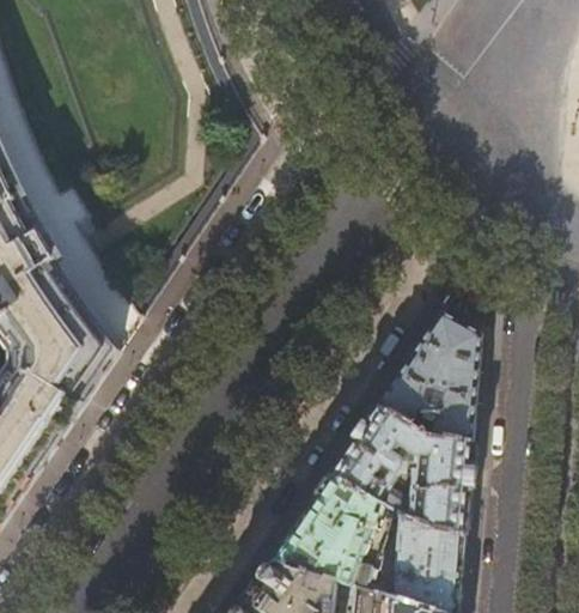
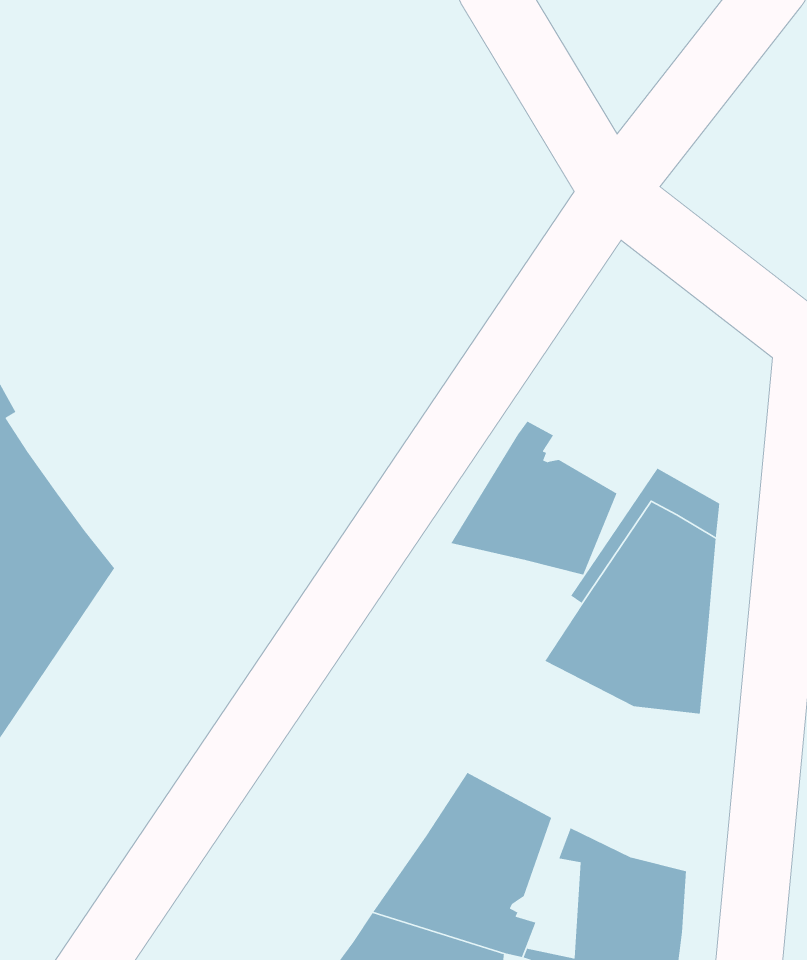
building: none -> [450,421,617,575]
building: [318,426,459,553] -> none

